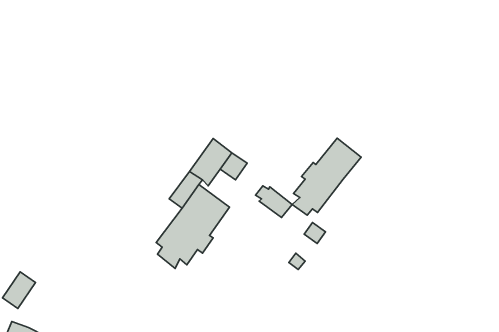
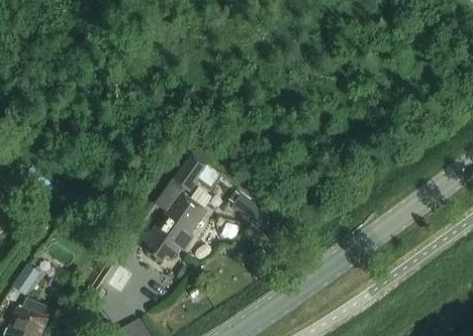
building: [292,138,361,215] -> none

